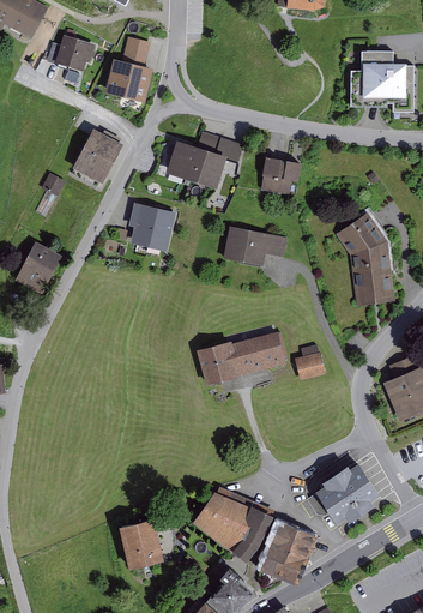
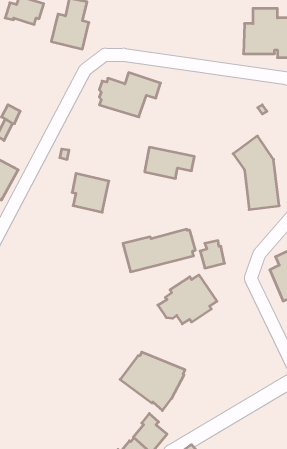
building: [73,128,123,184] -> none
building: [261,156,302,196] -> none
building: [129,203,176,252] -> [72,173,109,212]
building: [307,462,382,524] -> [158,275,217,324]
building: [120,518,164,569] -> none
building: [259,519,319,585] -> none

